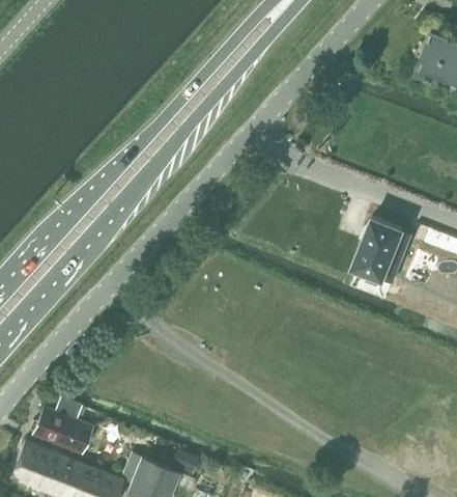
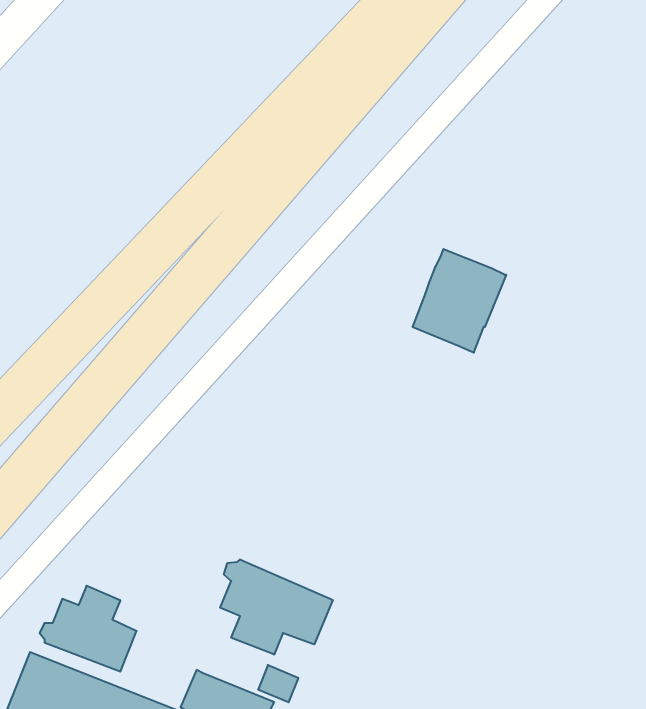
building: [352,218,412,284] -> [412,249,506,353]
building: none -> [220,559,333,655]

